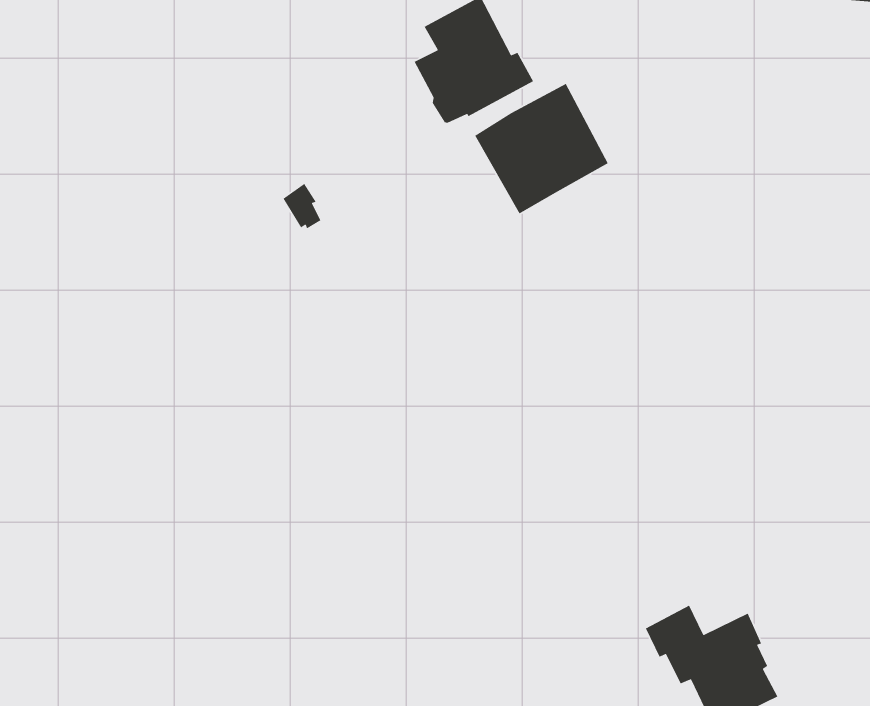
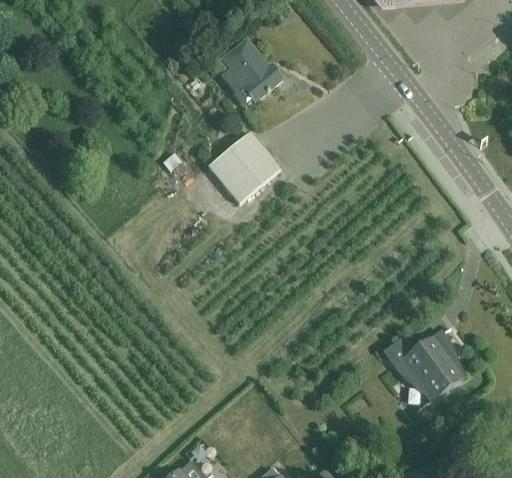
building: [474,83,609,214] -> [208,128,280,200]

